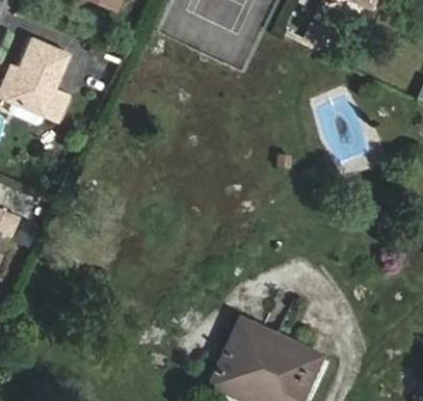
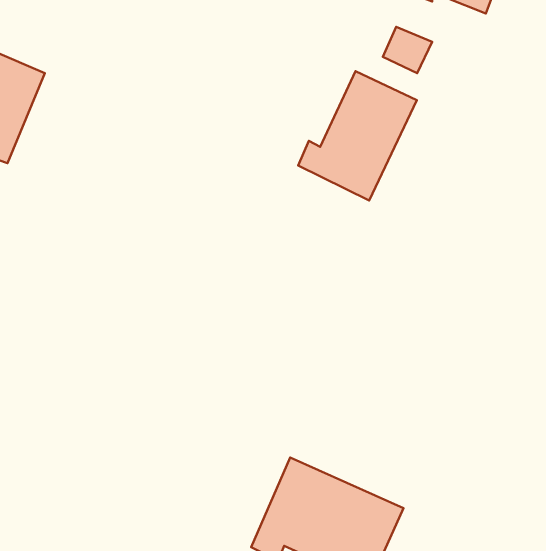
building: none -> [298,71,417,200]

